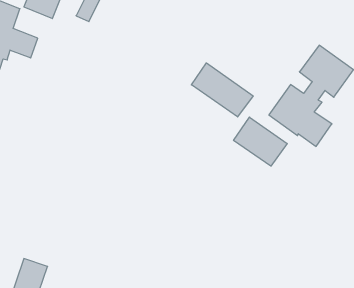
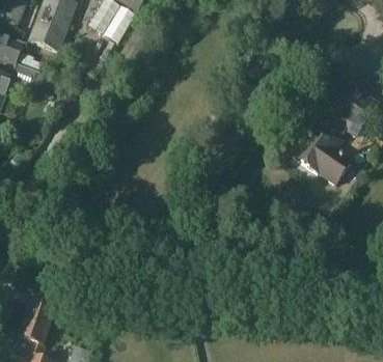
building: [191,63,253,117] -> none
building: [234,117,287,166] -> none

